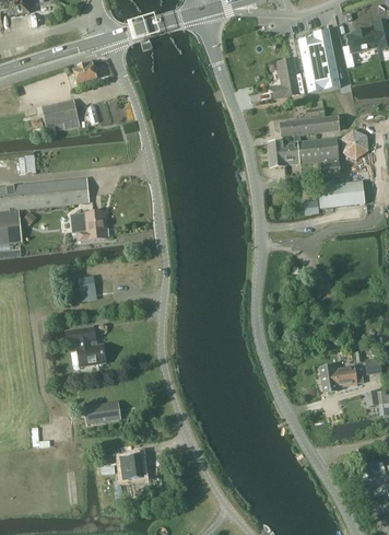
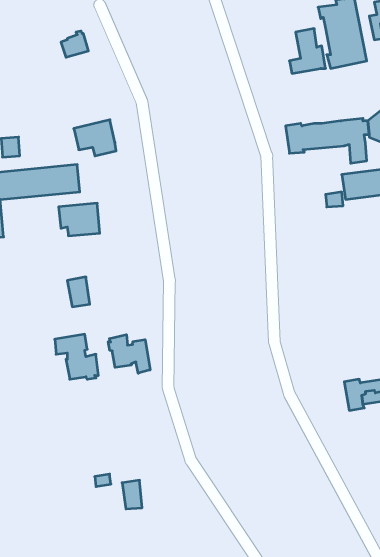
building: [43,98,80,130] -> [74,120,116,156]
building: [281,111,339,141] -> none
building: none -> [108,335,150,373]
building: [84,402,120,422] -> none

